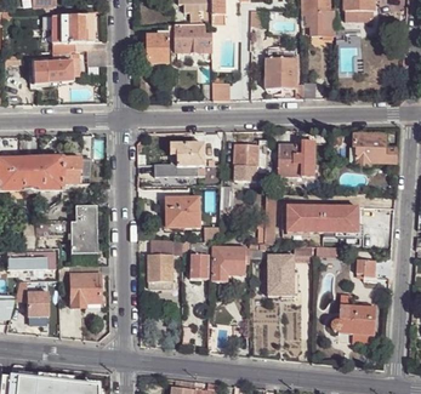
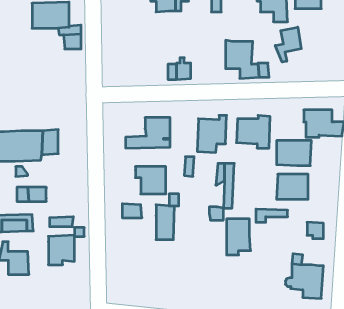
building: [175,23,211,51] -> none
building: [147,34,169,63] -> none
building: none -> [275,27,301,62]
building: [33,52,79,82] -> none
building: [69,205,96,249] -> none
building: [286,205,325,233] -> [277,141,311,166]
building: [214,246,246,280] -> none
building: [148,253,173,289] -> none

